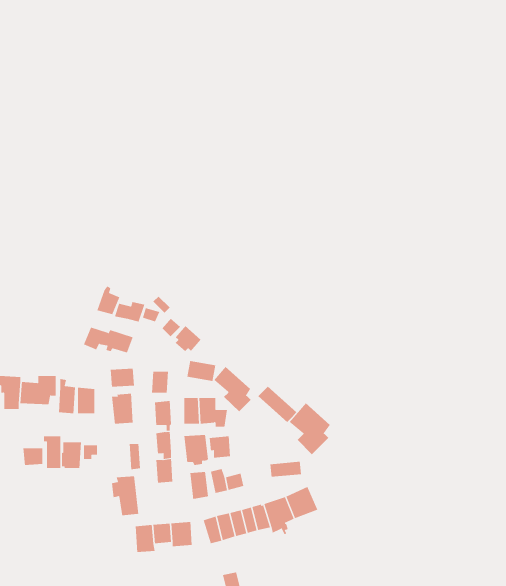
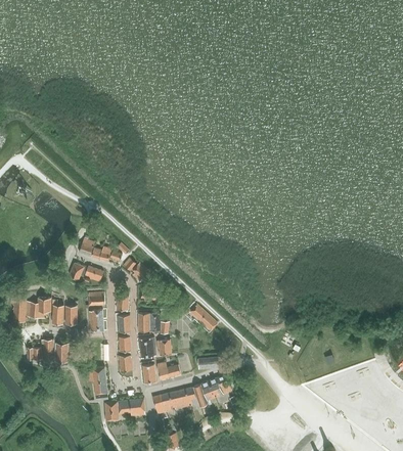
building: [213,366,252,412] -> none
building: [289,403,330,455] -> none

